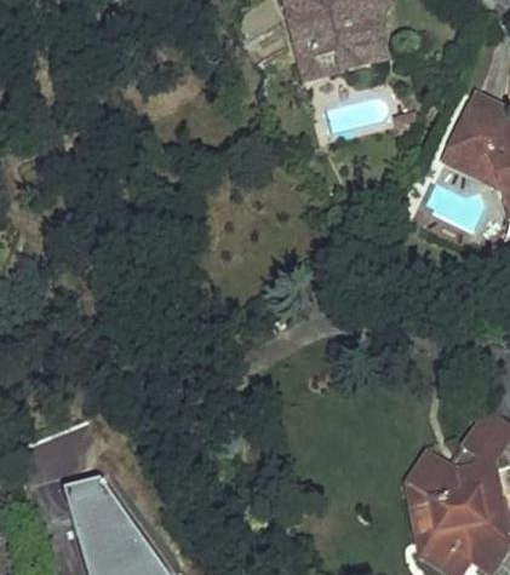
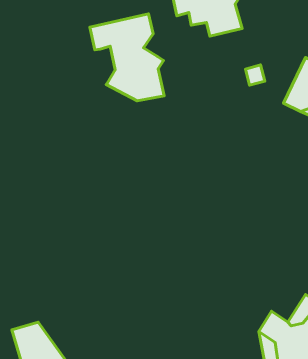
building: [293,31,340,74] -> none
building: none -> [90,14,164,101]

